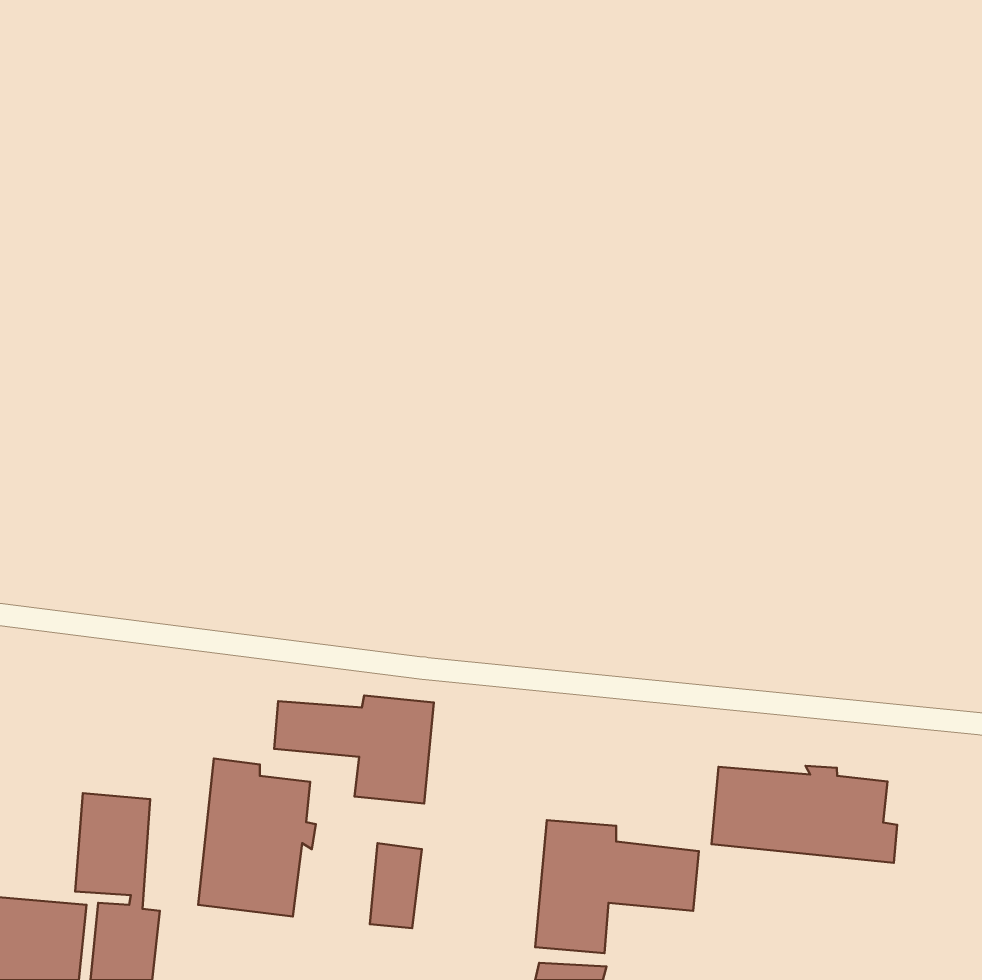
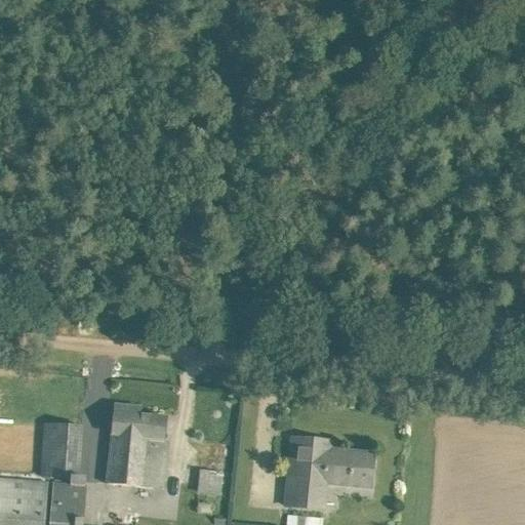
building: [274,696,434,804] -> none
building: [712,766,897,863] -> none

